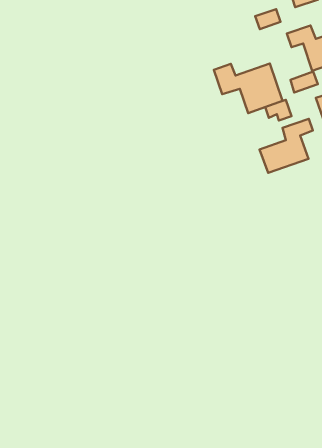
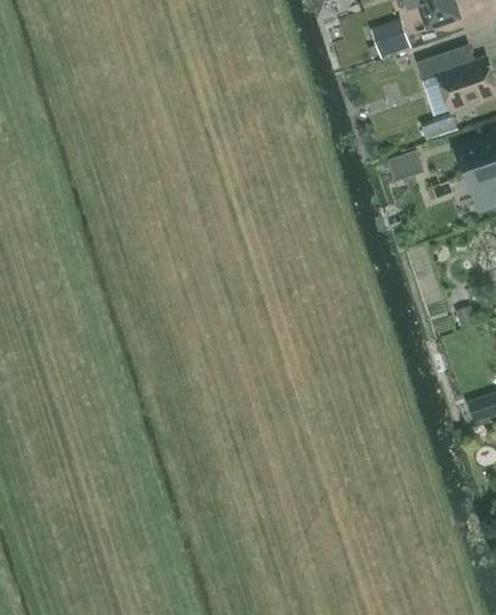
building: [214,63,283,113] -> none
building: [260,119,313,173] -> none

